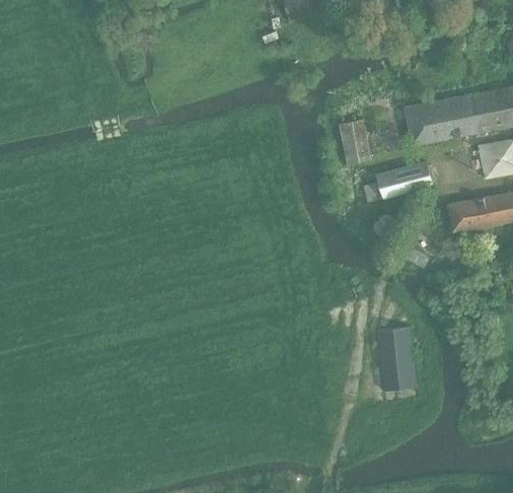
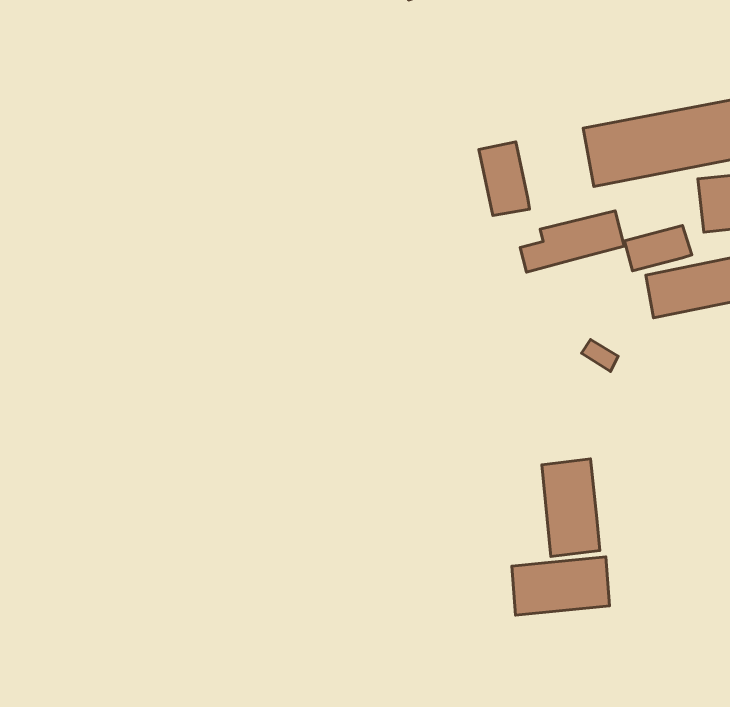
building: none -> [624,225,692,271]
building: none -> [512,557,609,615]

